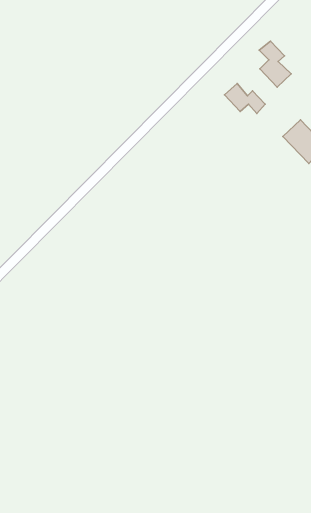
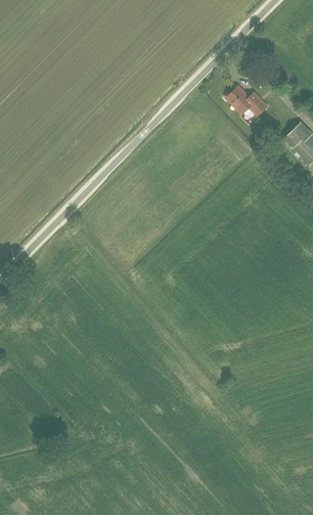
building: [259,41,291,87] -> none

